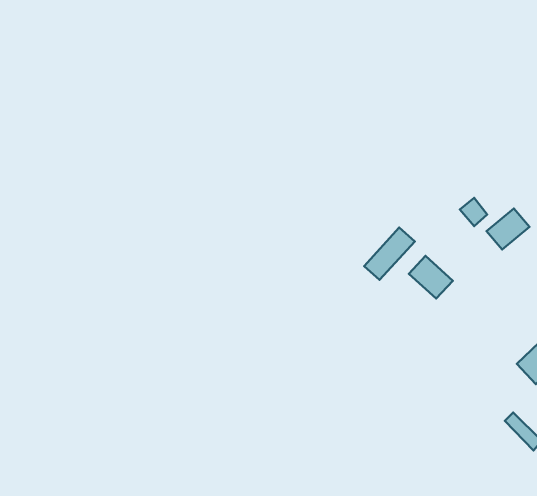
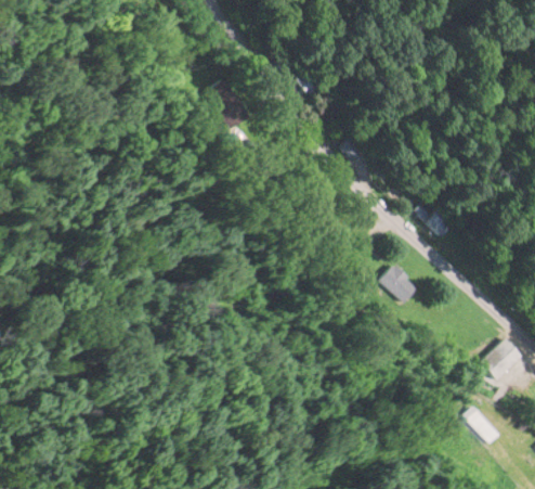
building: [487,208,530,250] -> none
building: [364,228,415,280] -> none

